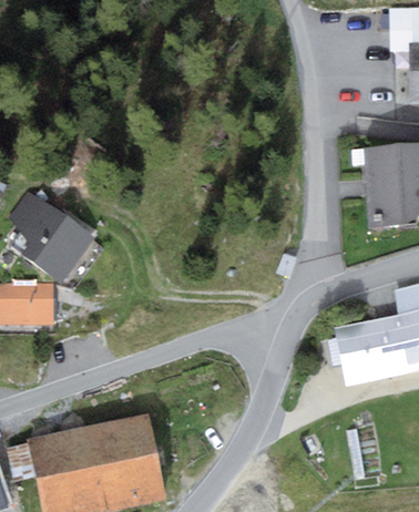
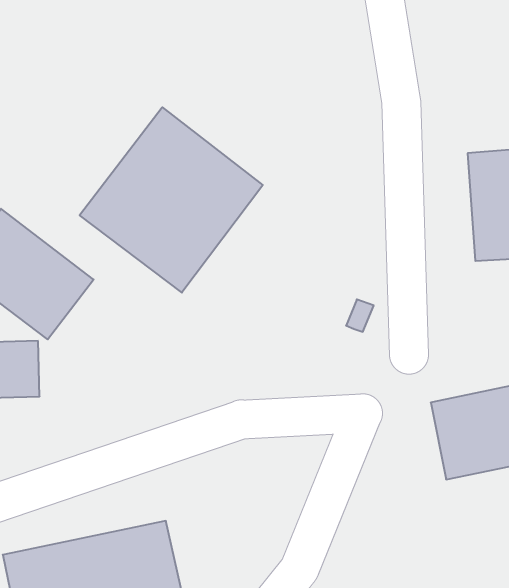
building: none -> [80,107,263,293]

